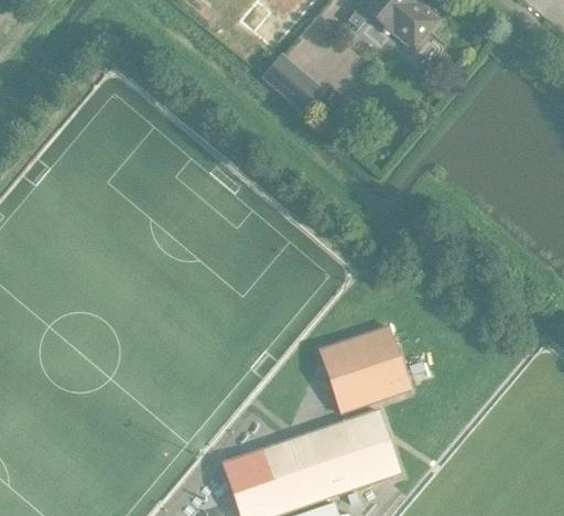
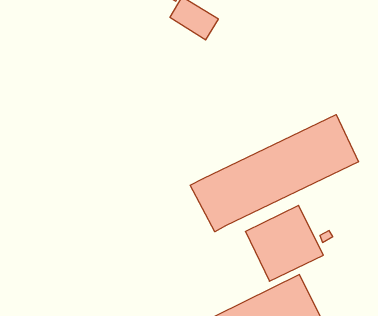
building: none -> [190,115,358,232]

